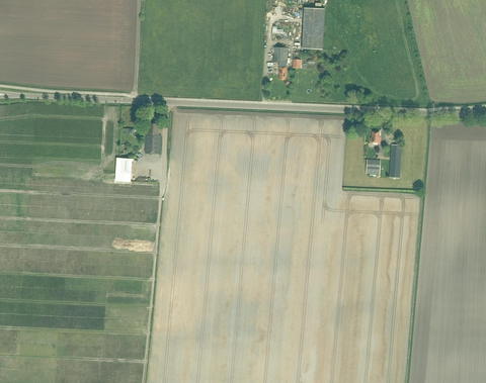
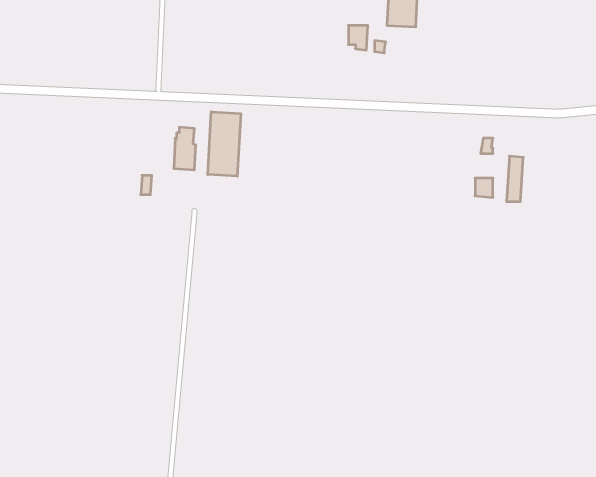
building: none -> [208,112,241,176]

